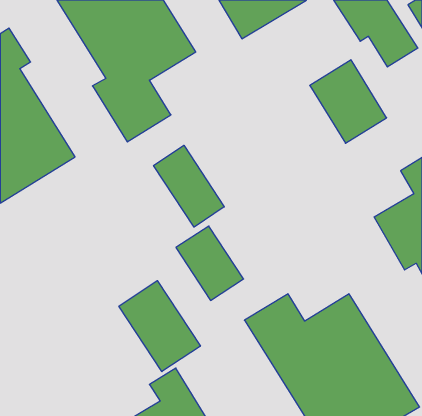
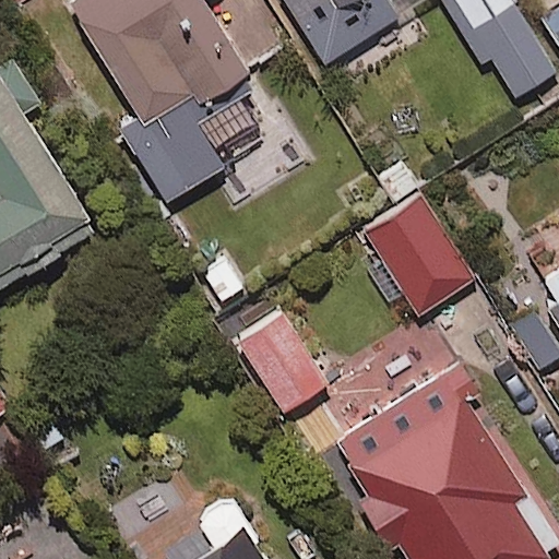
building: [310,60,387,143] -> [368,201,469,311]
building: [154,145,224,227] -> none
building: [119,281,200,372] -> none

